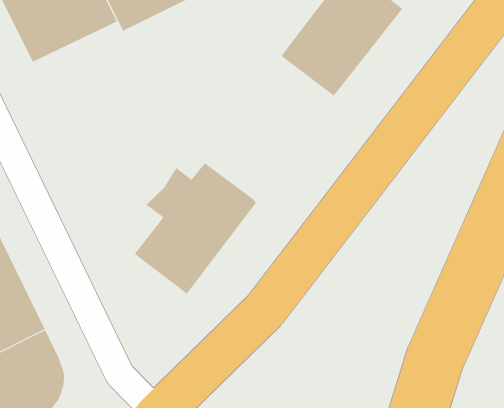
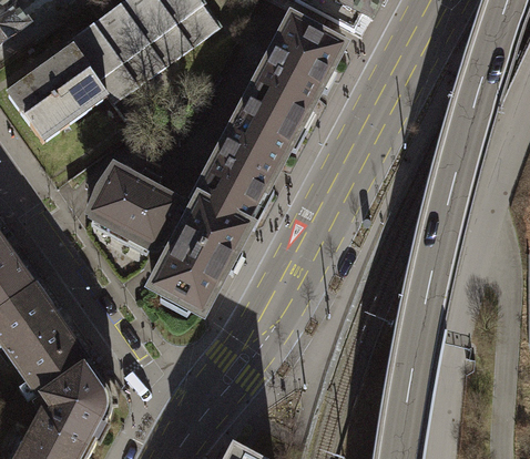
building: none -> [193,102,295,225]
building: none -> [89,169,176,246]

